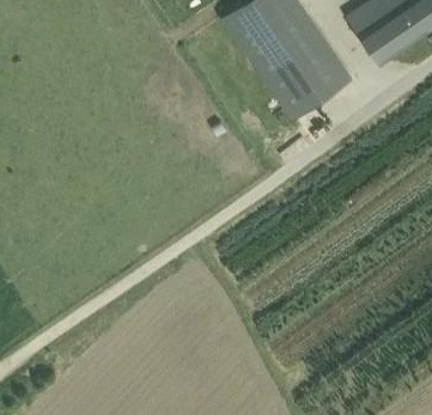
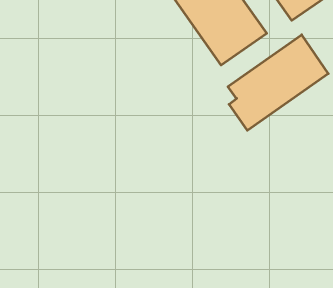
building: none -> [228,35,328,130]

